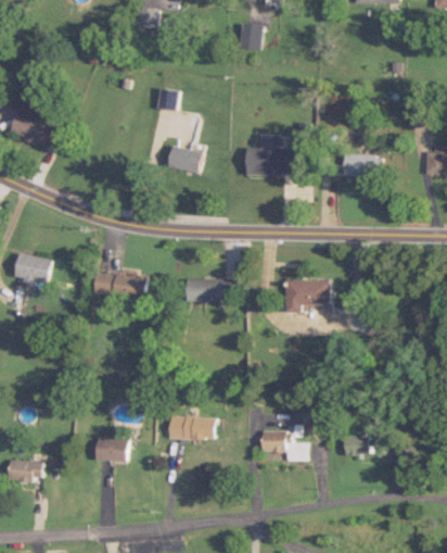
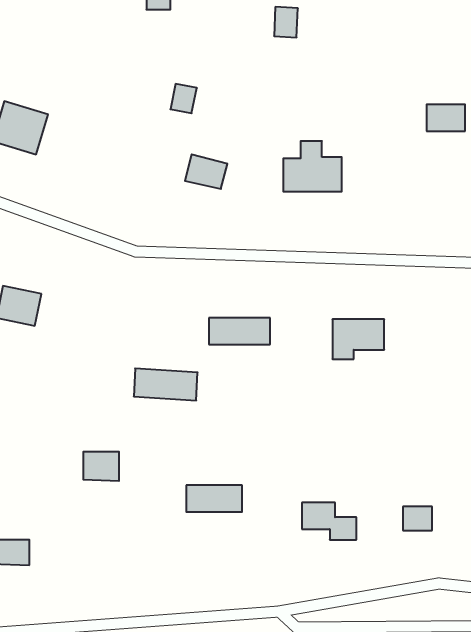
building: [345,154,376,176] -> [427,104,465,131]
building: [93,273,145,299] -> [134,368,198,400]
building: [97,437,126,461] -> [83,452,119,481]

